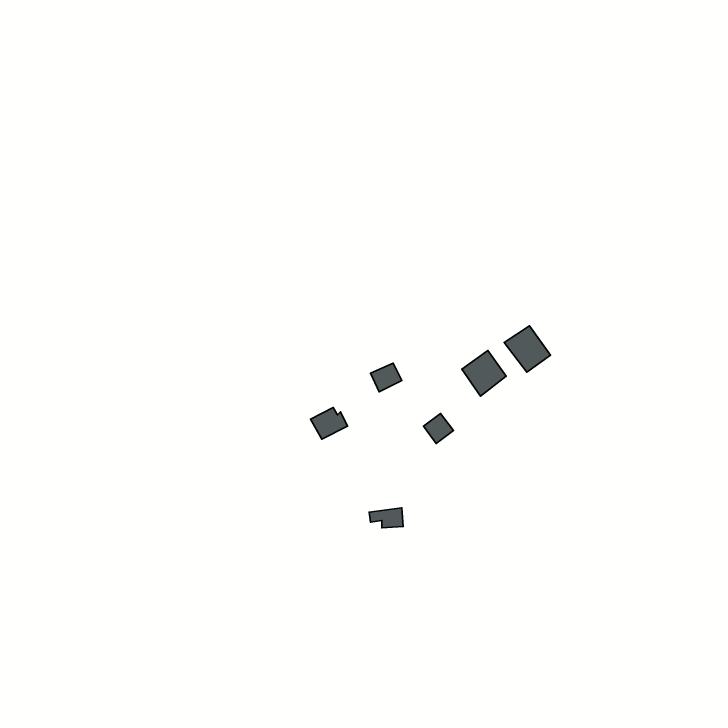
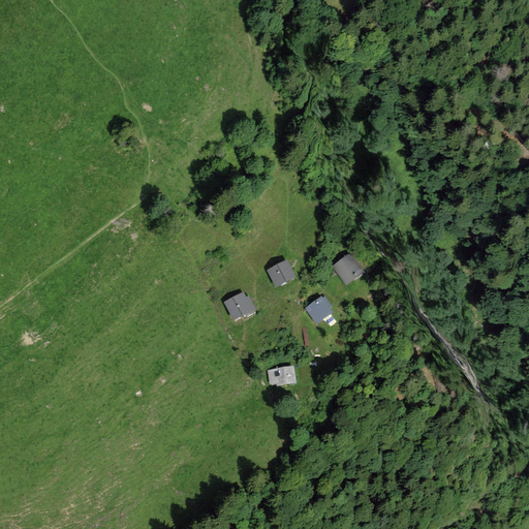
building: [504,326,551,372] -> none

